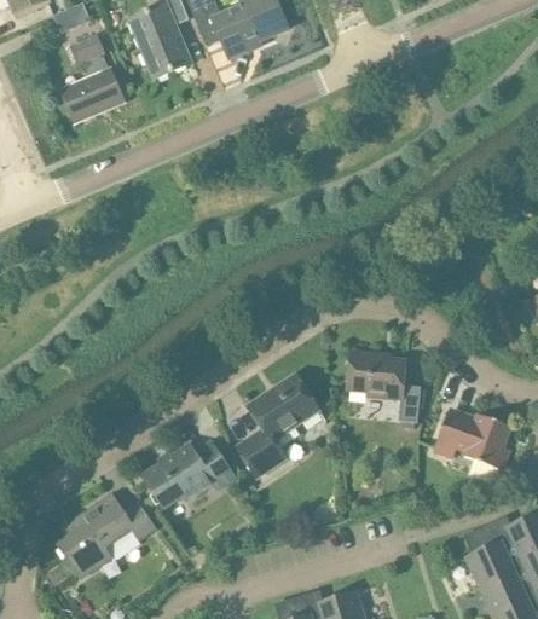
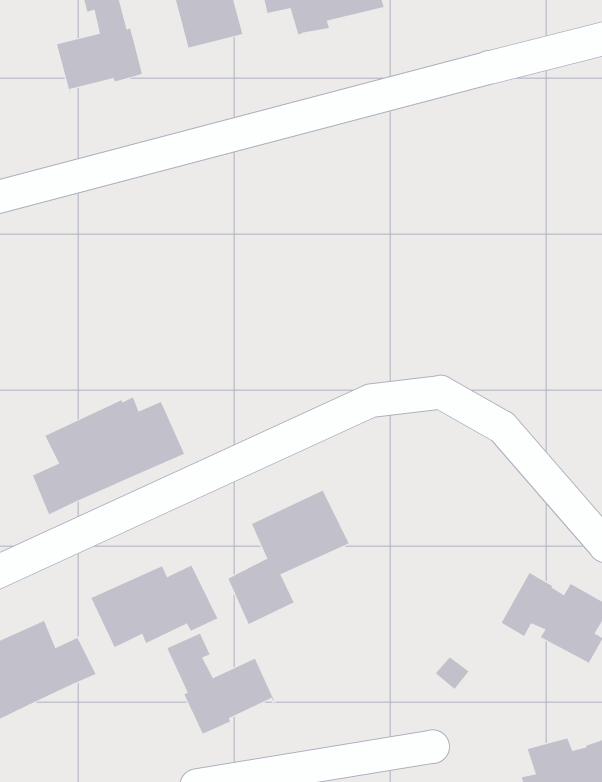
building: none -> [32,397,185,515]
building: [346,351,420,427] -> none
building: none -> [167,633,275,734]

